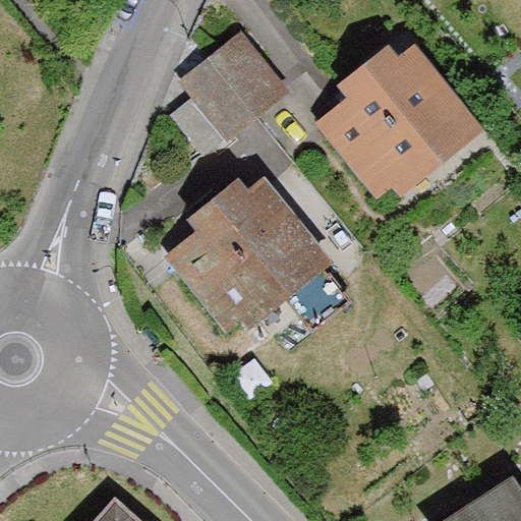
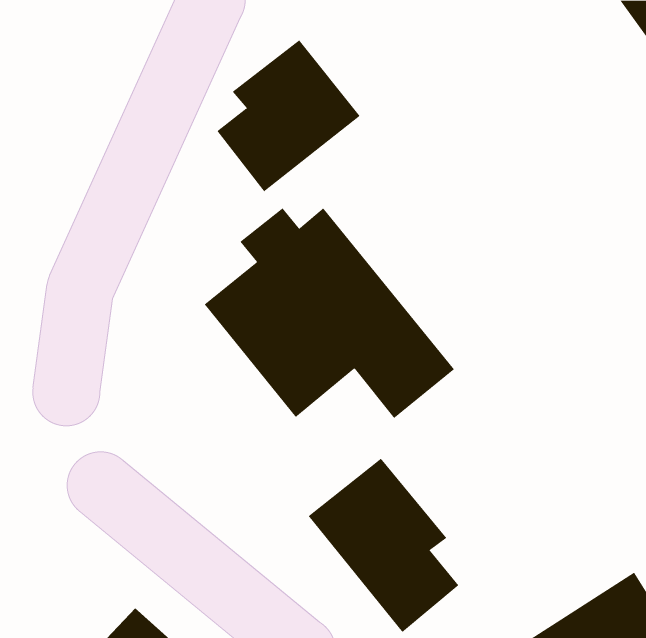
building: [316,42,482,206] -> none
building: none -> [308,458,459,633]

